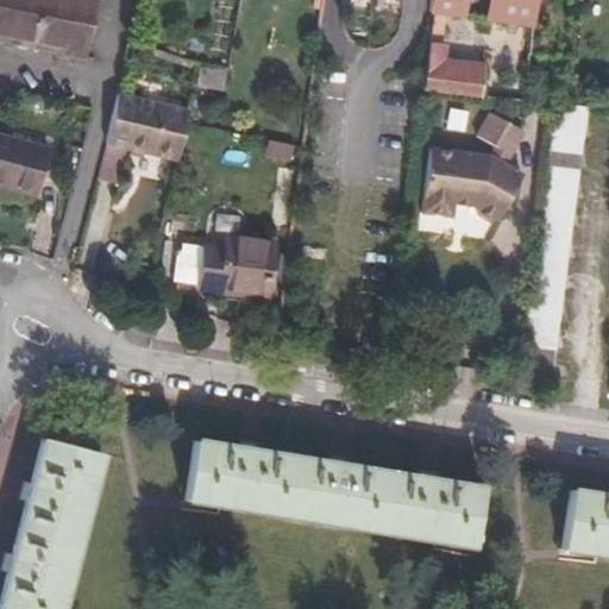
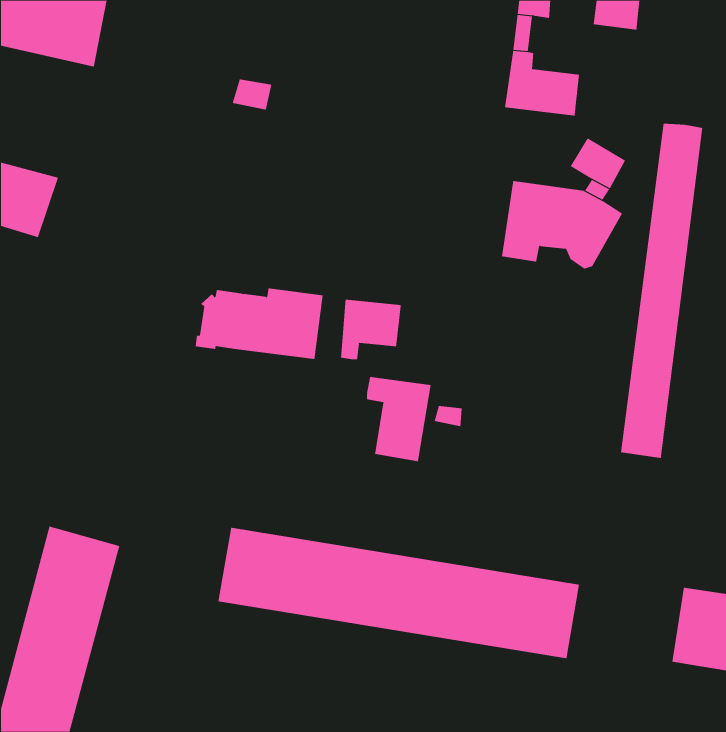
building: [100,94,192,184] -> none
building: none -> [340,299,401,360]
building: none -> [366,376,431,462]

